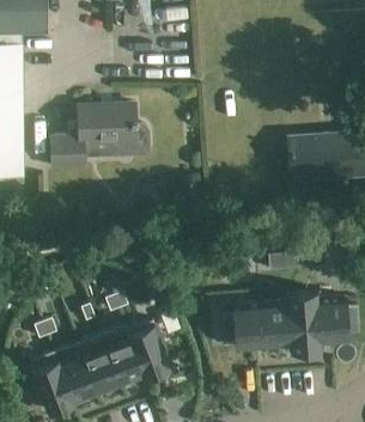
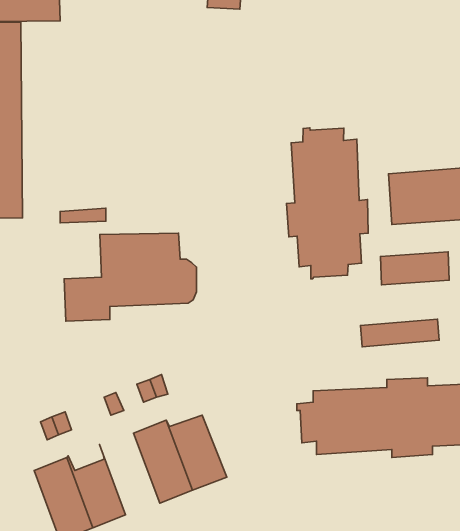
building: [53,104,150,169] -> [64,233,196,321]
building: none -> [286,128,368,279]
building: none -> [380,252,449,285]
building: [78,335,122,395] -> none

